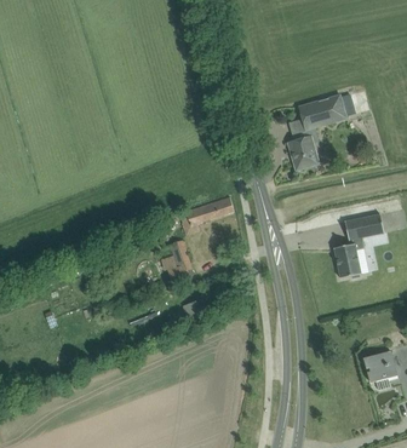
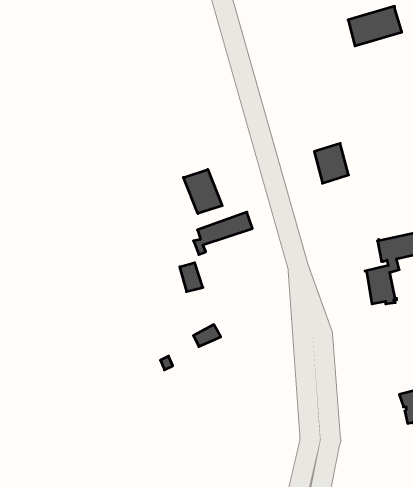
building: [299,94,346,130] -> [348,6,402,46]
building: none -> [183,169,222,214]

